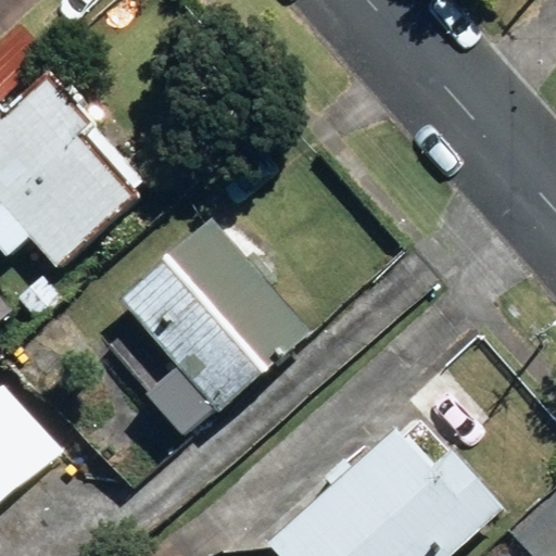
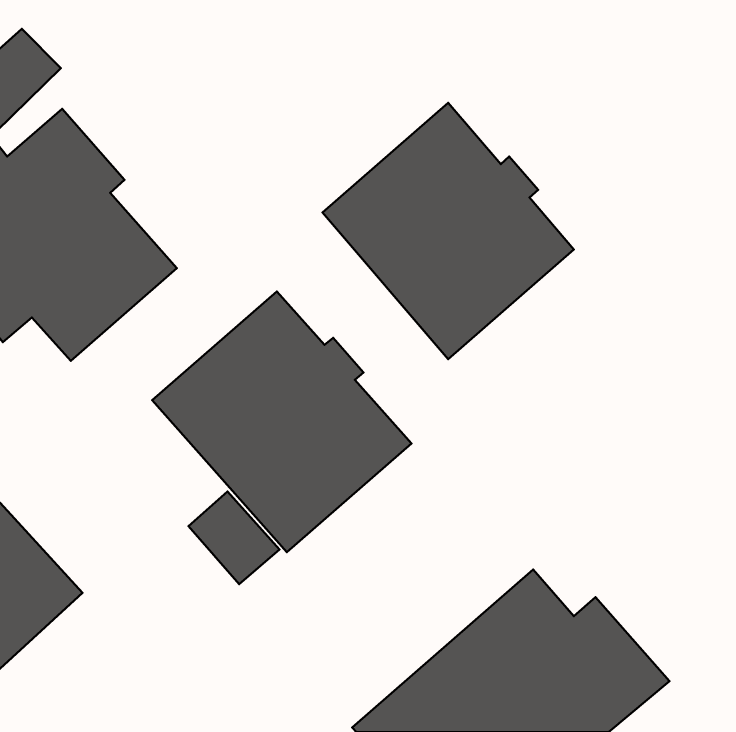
building: none -> [322,103,574,359]

